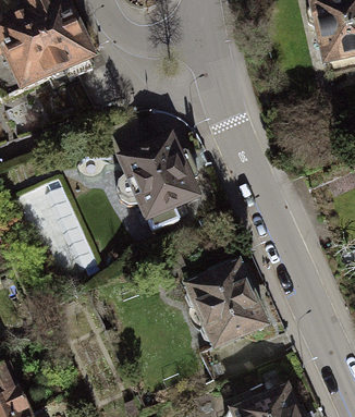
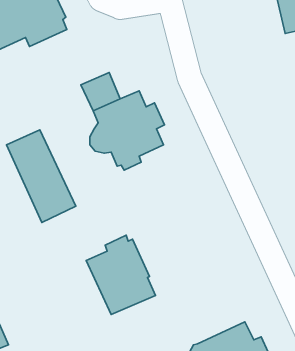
building: [188,256,264,342] -> [86,235,155,315]

